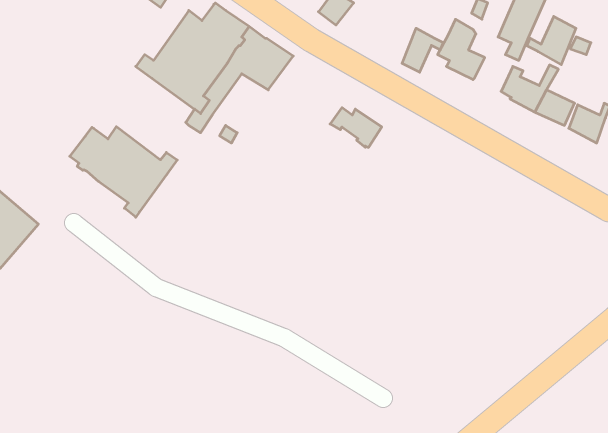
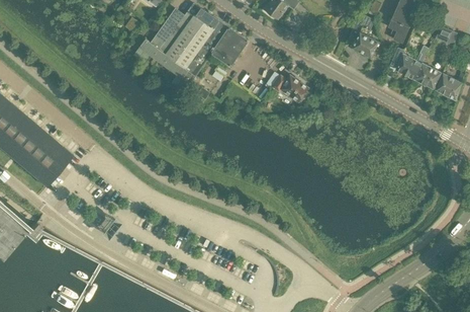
building: [527,16,576,65] -> none
building: [402,28,443,72] -> none
building: [70,127,177,217] -> none

